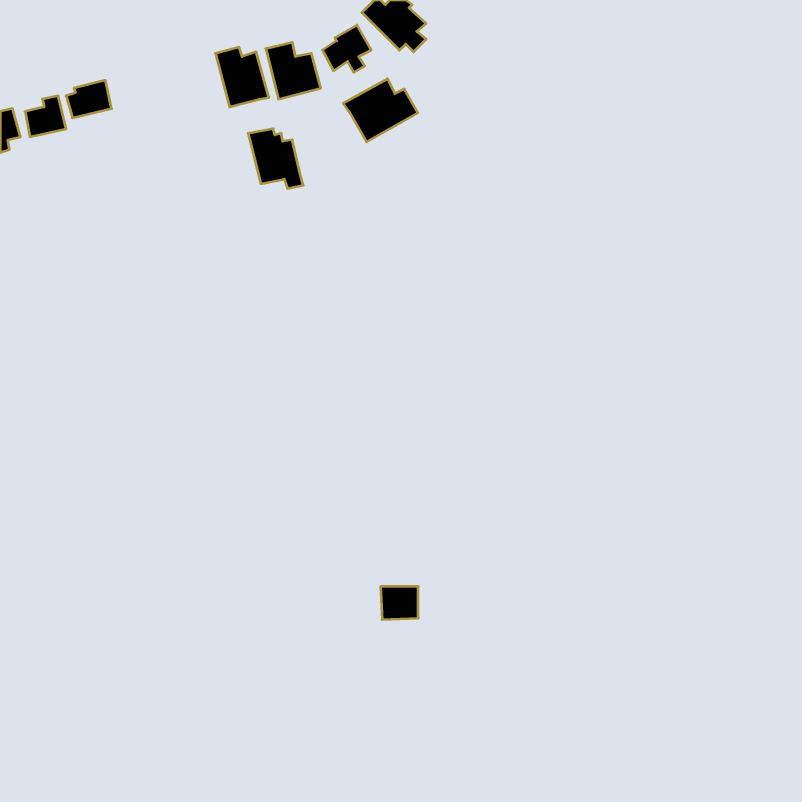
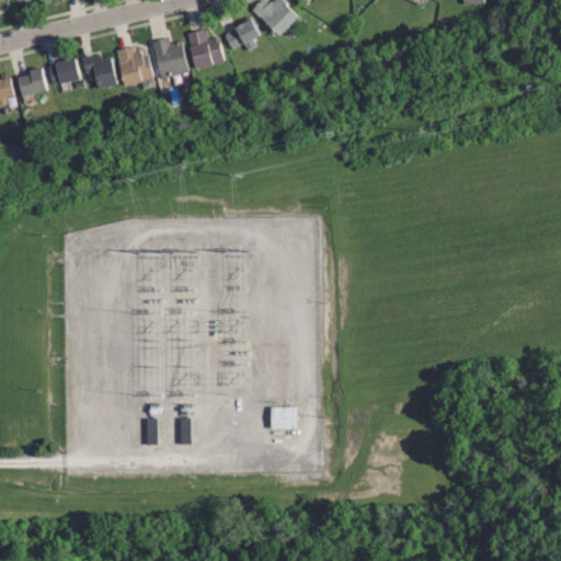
building: none -> [82,54,116,87]
building: [343,79,418,142] -> none
building: [248,129,303,188] -> [116,46,154,88]

